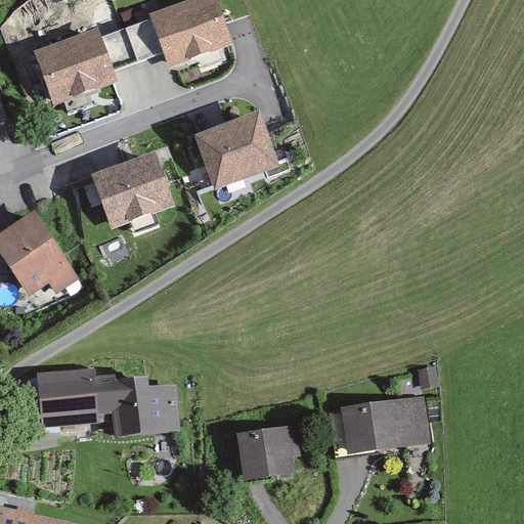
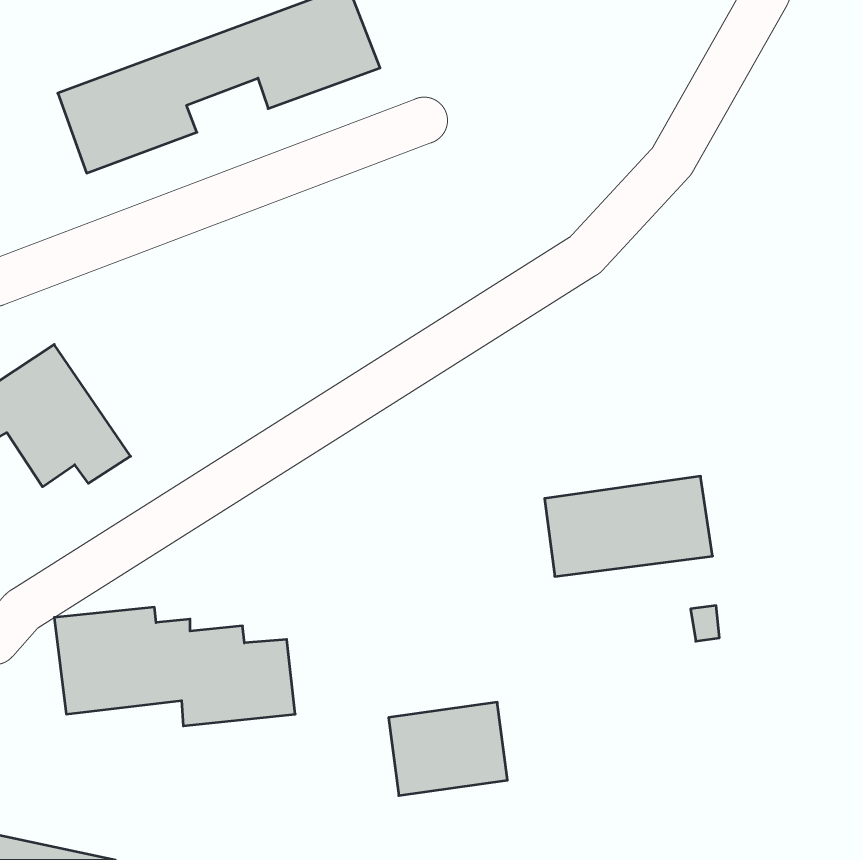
building: [192,110,276,188] -> none
building: [90,150,174,227] -> none
building: [332,396,433,456] -> [545,476,713,576]

